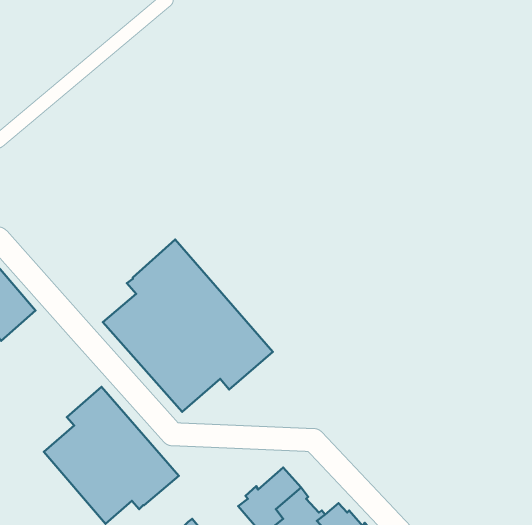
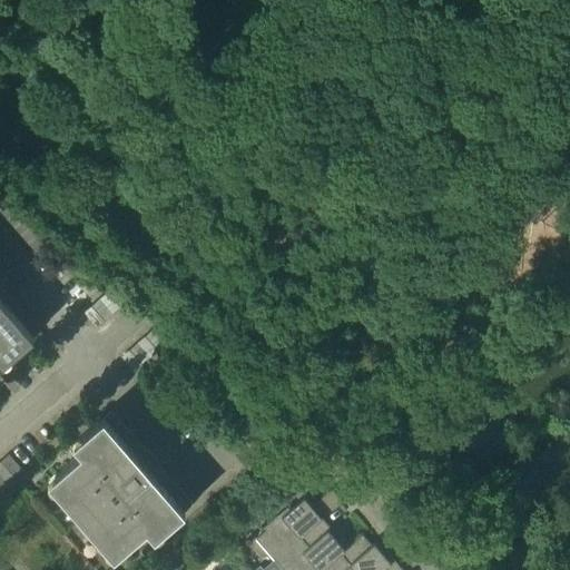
building: [103,240,273,412] -> none

